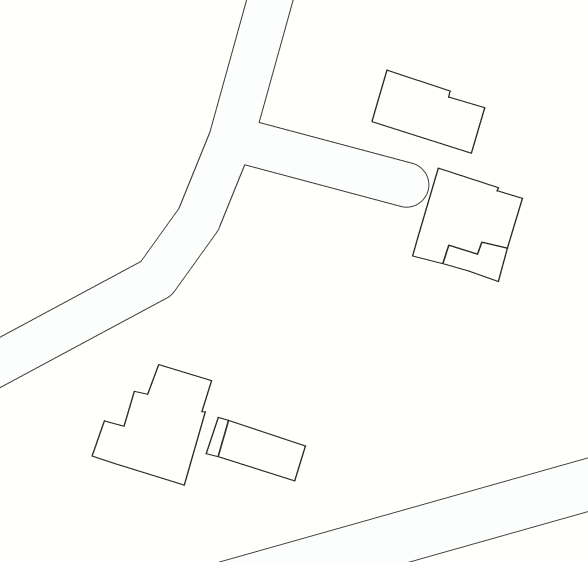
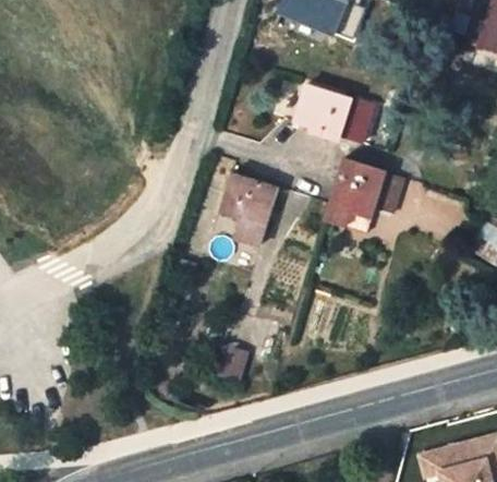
building: none -> [219,172,277,246]
building: [92,365,211,485] -> none

